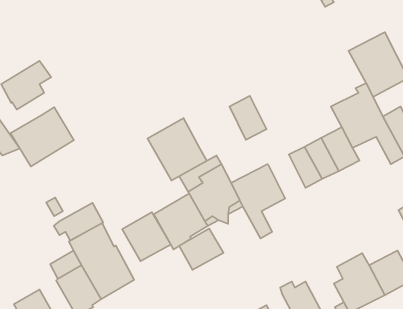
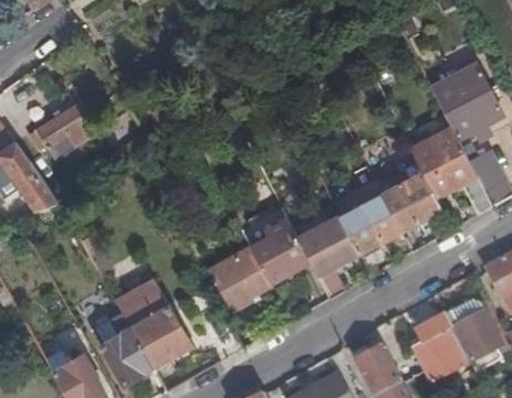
building: [229,96,267,140] -> [339,204,381,254]
building: [10,107,74,167] -> none
building: [148,118,207,180] -> none
building: [54,203,103,241] -> none
building: [122,212,171,261] -> none
building: [179,228,223,270] -> none

